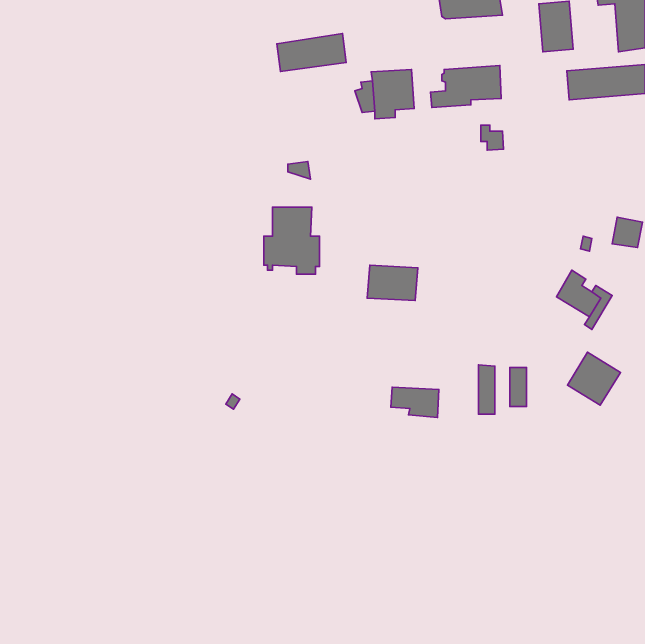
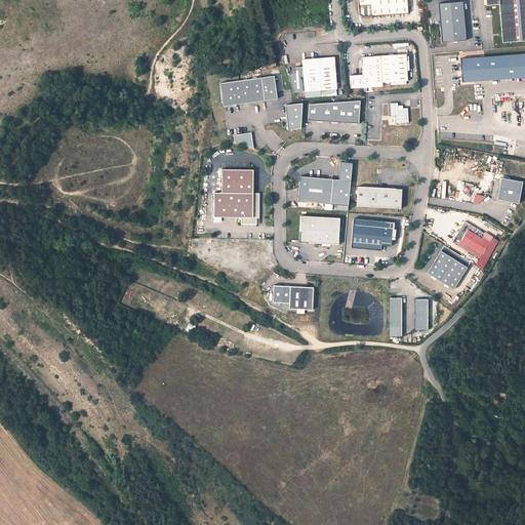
building: [277,34,346,71] -> [220,75,277,106]
building: none -> [308,100,360,123]
building: none -> [285,103,302,129]
building: none -> [298,161,352,205]
building: none -> [357,186,402,207]
building: none -> [351,218,396,250]
building: [567,352,620,405] -> [427,245,470,288]
building: [391,387,439,417] -> [274,285,313,310]

